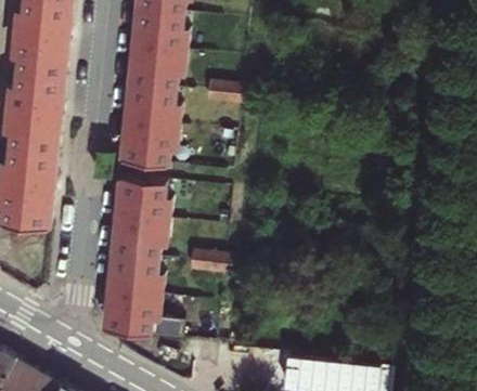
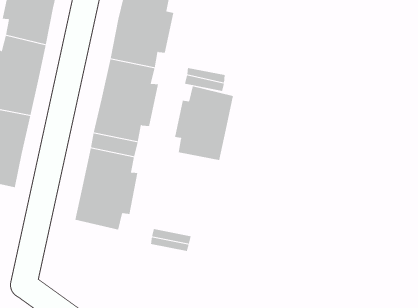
building: none -> [174,86,233,161]
building: [102,269,162,350] -> none

